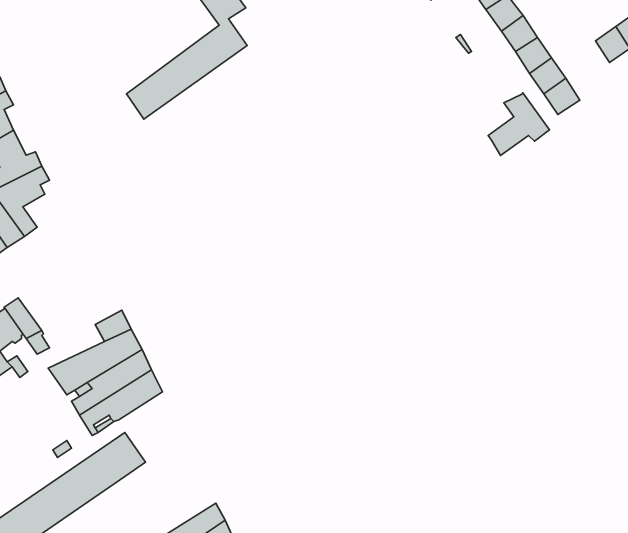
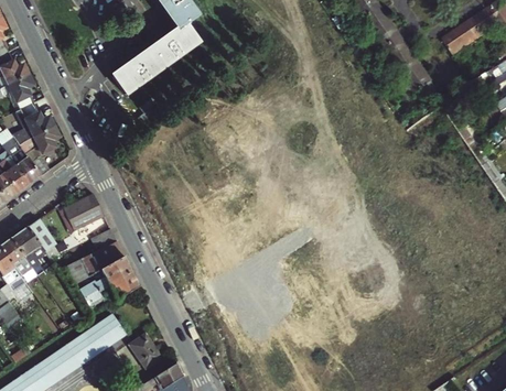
building: [488,93,549,156] -> none
building: none -> [64,193,105,230]
building: none -> [129,333,162,369]

